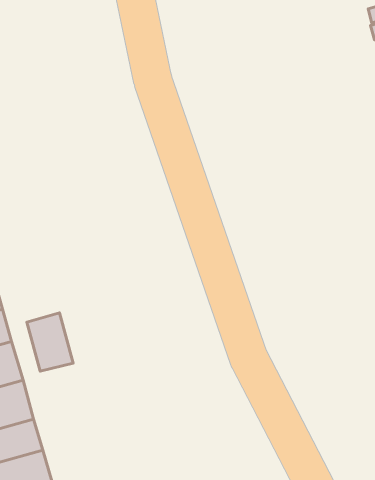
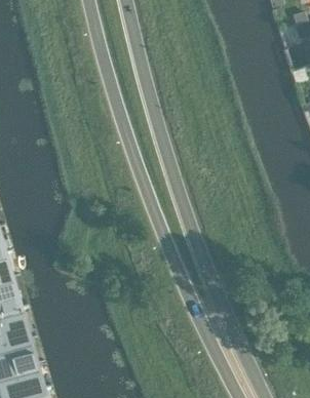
building: [27,313,73,371] -> none

